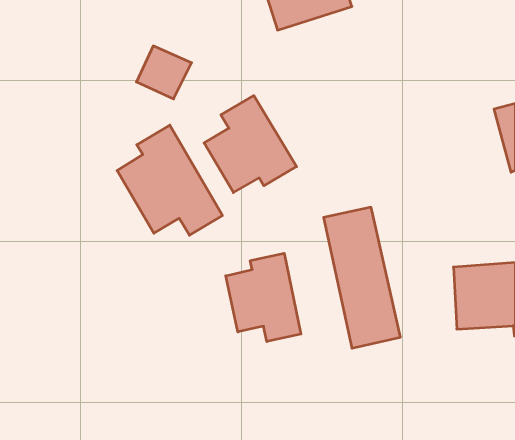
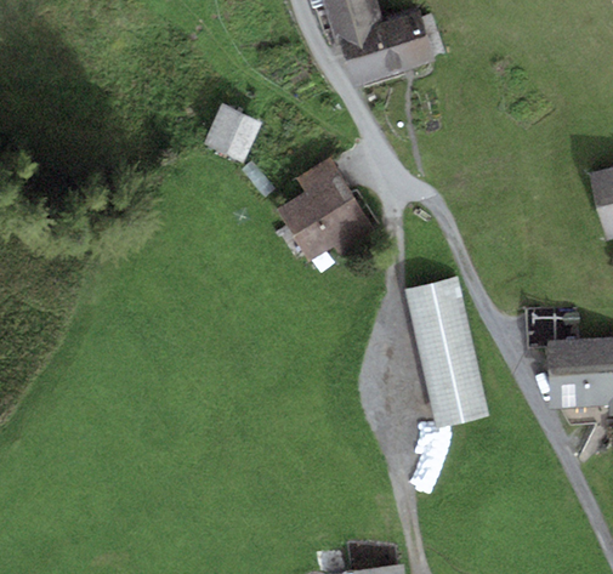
building: [117,125,222,235] -> none
building: [226,253,301,342] -> none

